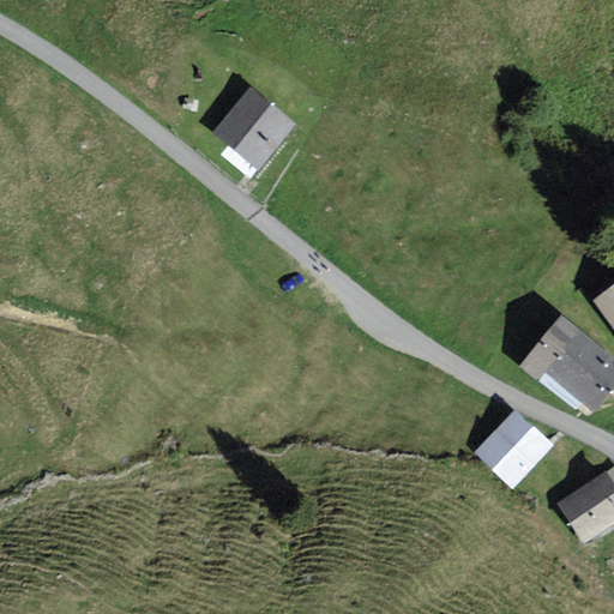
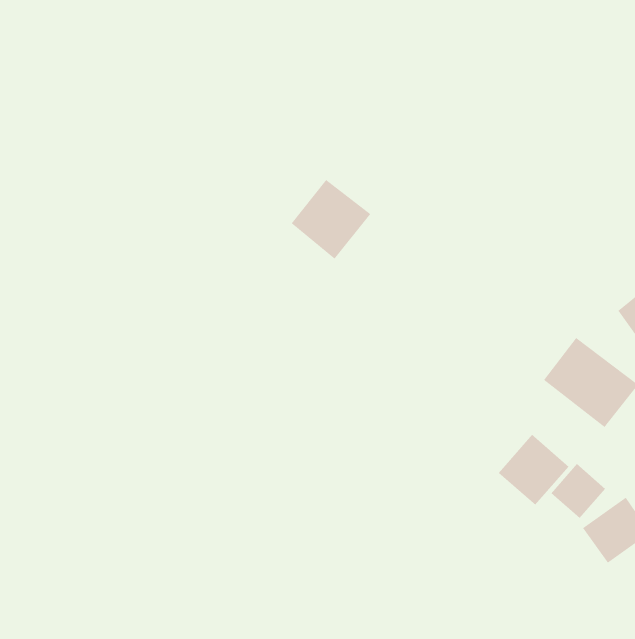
building: [213,90,290,167] -> [291,179,371,260]
building: none -> [550,463,606,519]

